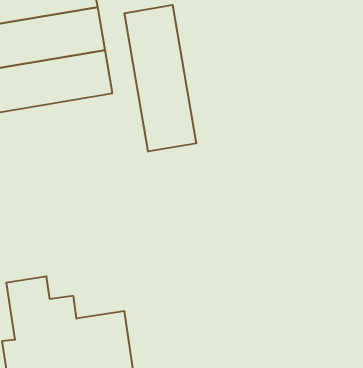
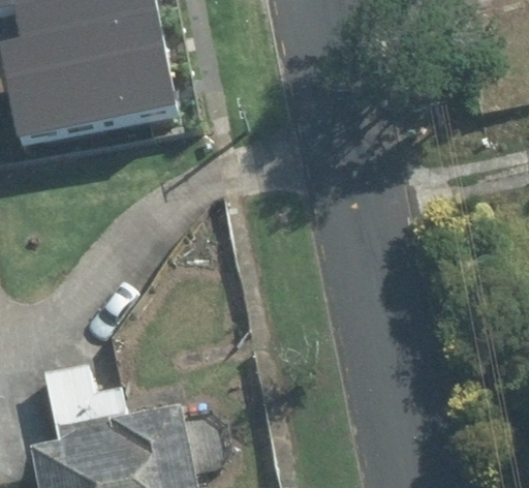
building: [125,5,196,152] -> none

